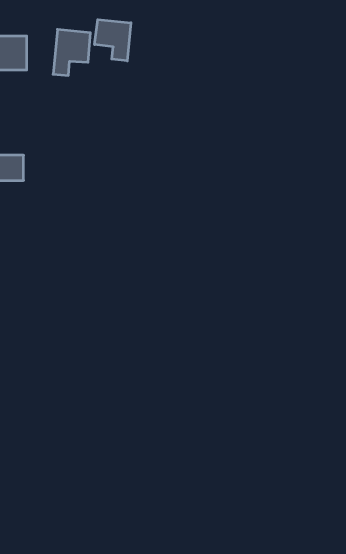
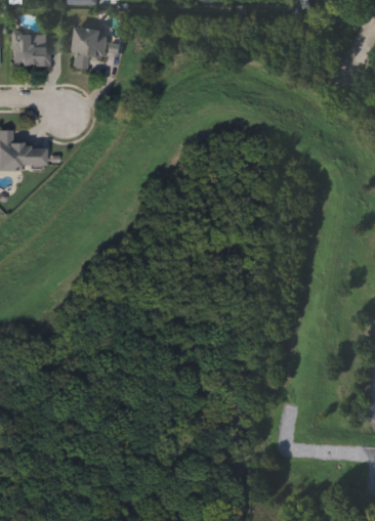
building: [95,20,131,61] -> none

